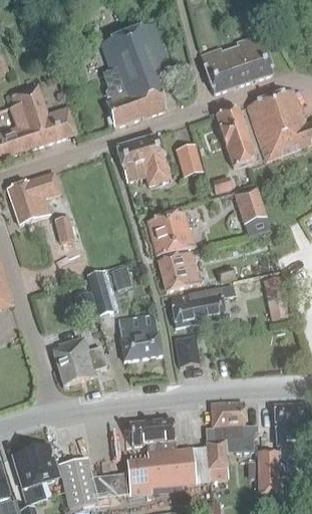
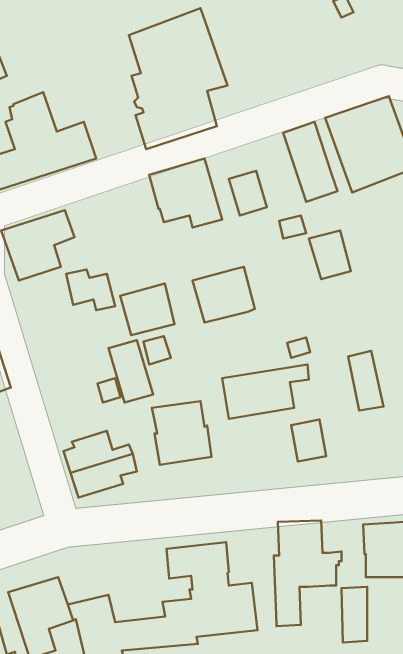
building: [202,33,272,92] -> none
building: [158,252,198,290] -> [120,284,174,335]
building: [174,334,200,365] -> [291,420,326,462]

